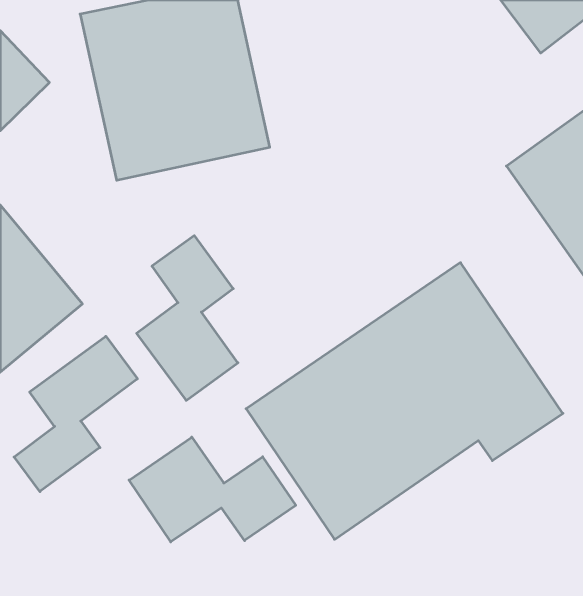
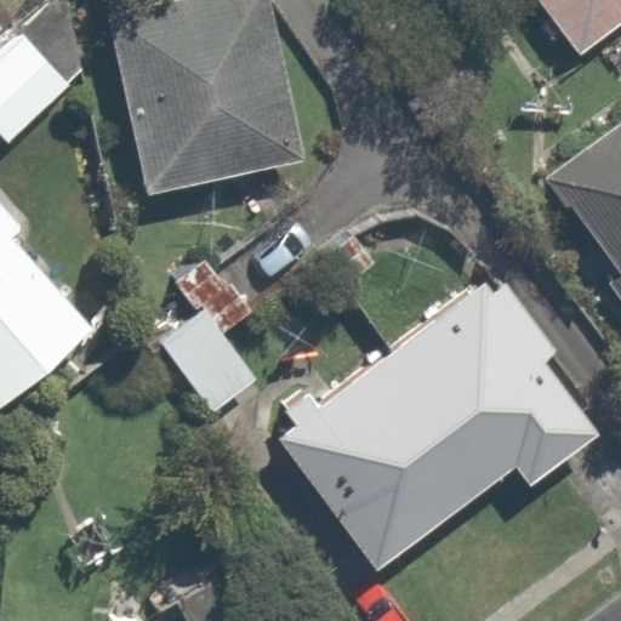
building: [14,336,137,492] -> none
building: [129,437,296,542] -> none

